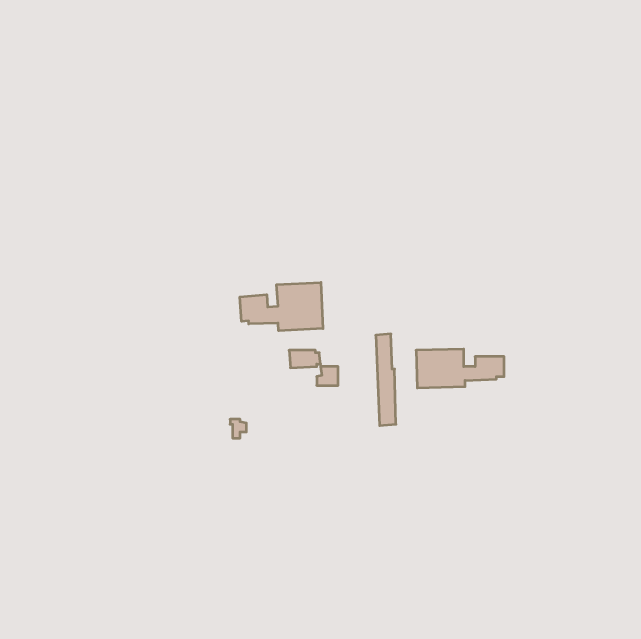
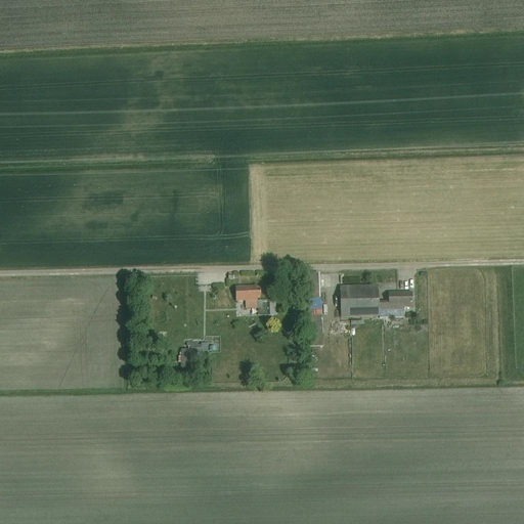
building: [240,282,323,331] -> none

